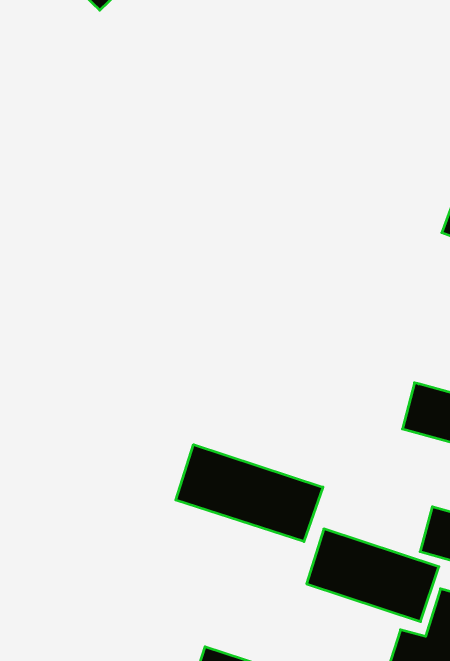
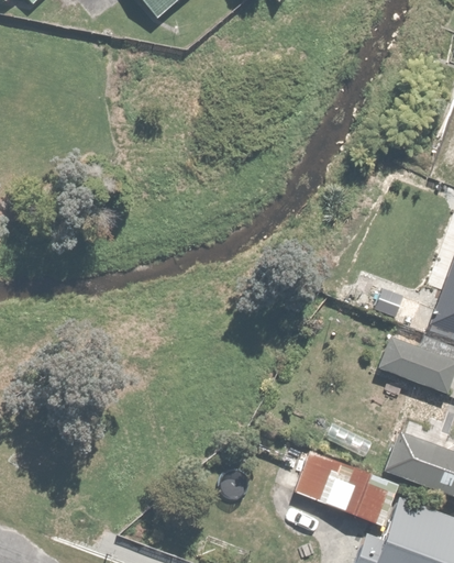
building: [176,445,323,542] -> none

